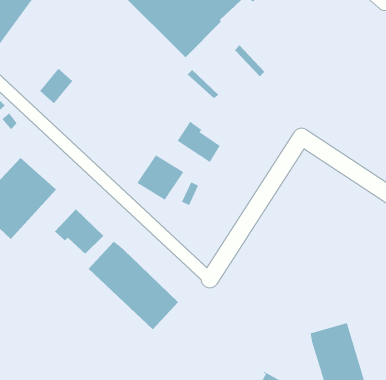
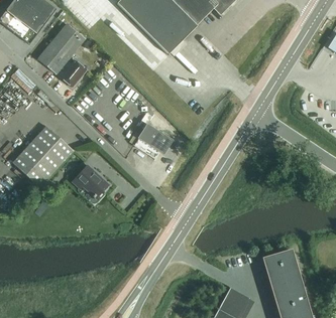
building: none -> [37,23,85,73]
building: [177,121,221,163] -> none
building: [88,241,179,330] -> none

